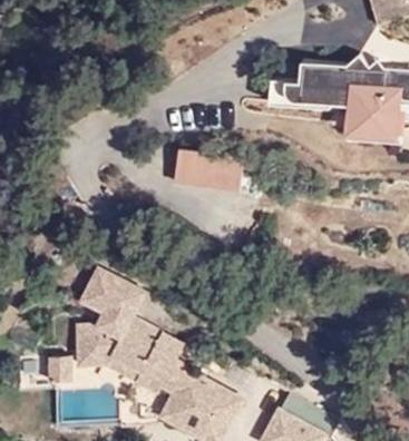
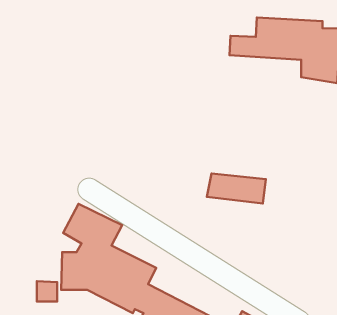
building: [175,151,243,186] -> [207,174,266,203]

